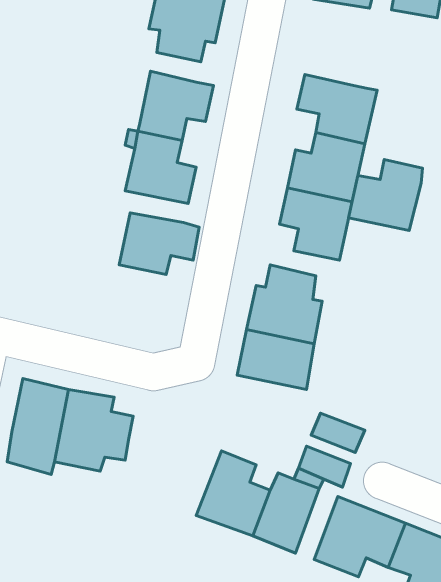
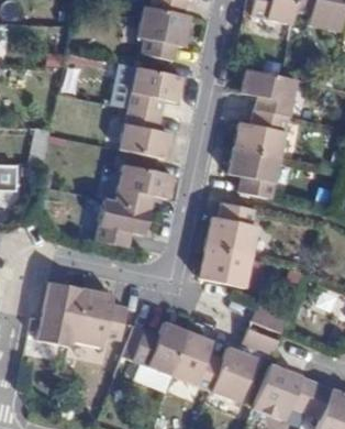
building: [349,160,423,231] -> none
building: none -> [98,200,151,248]
building: none -> [122,323,189,377]

